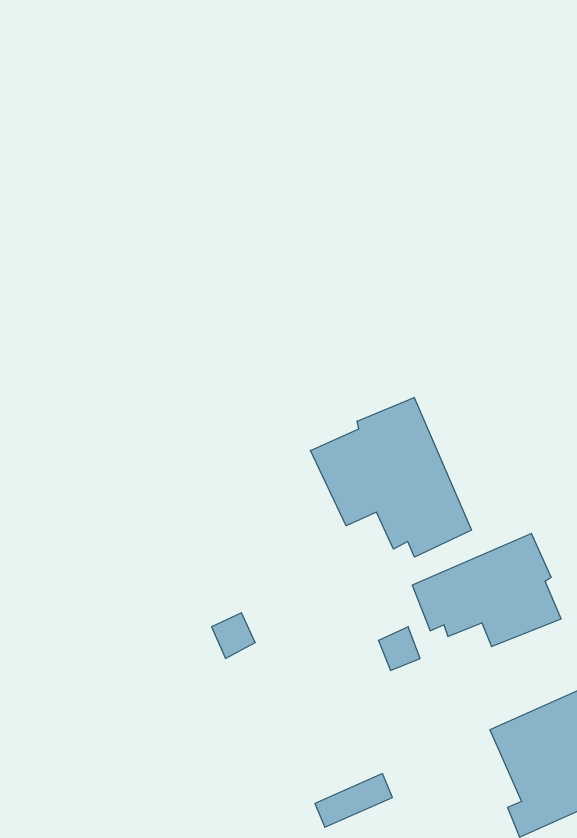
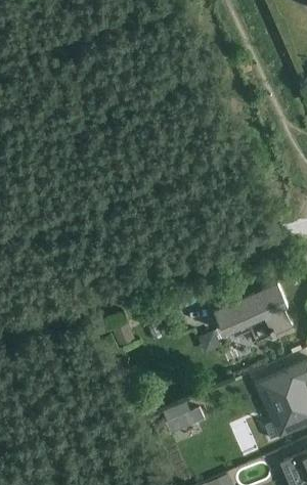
building: [311,397,472,557] -> none

